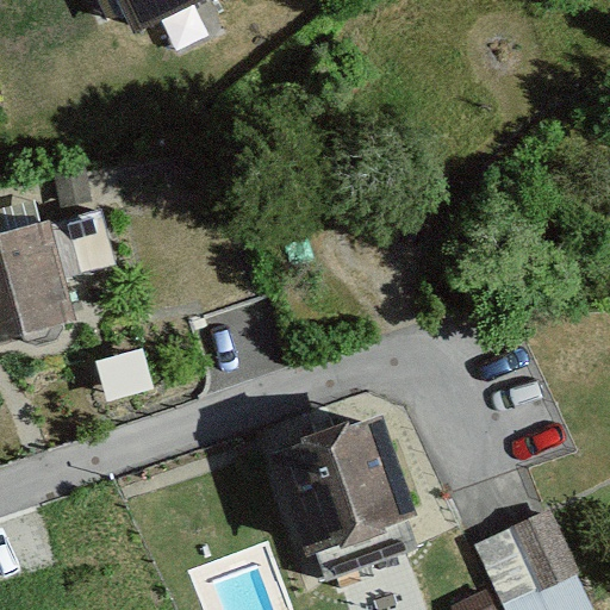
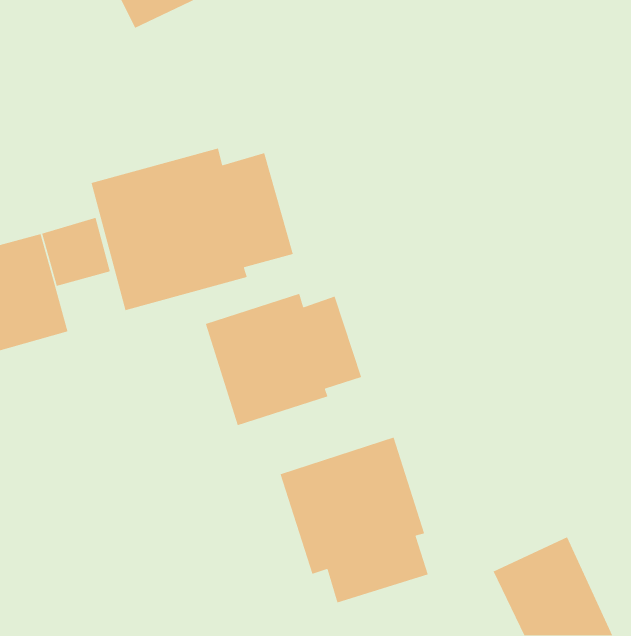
building: none -> [90,148,294,311]
building: none -> [205,293,362,426]

